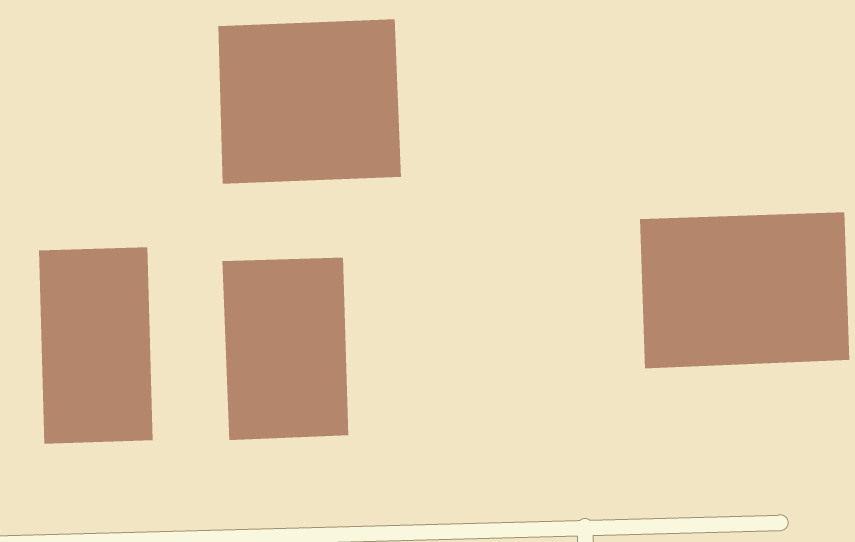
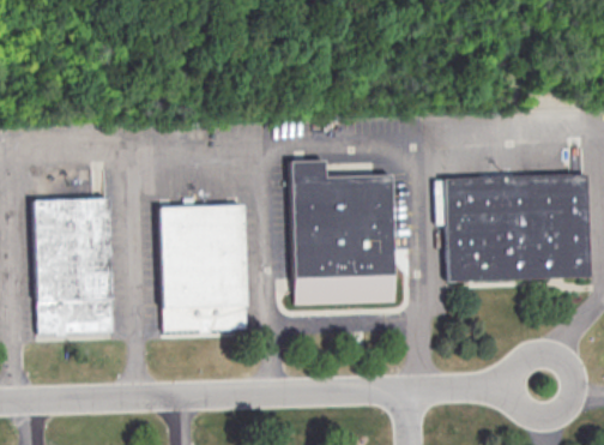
building: [218,19,402,184] -> none
building: none -> [290,160,395,305]

